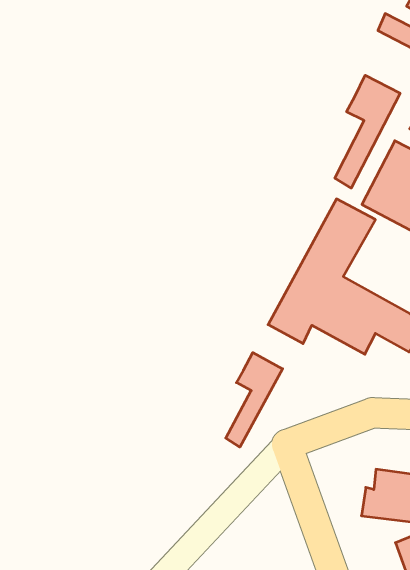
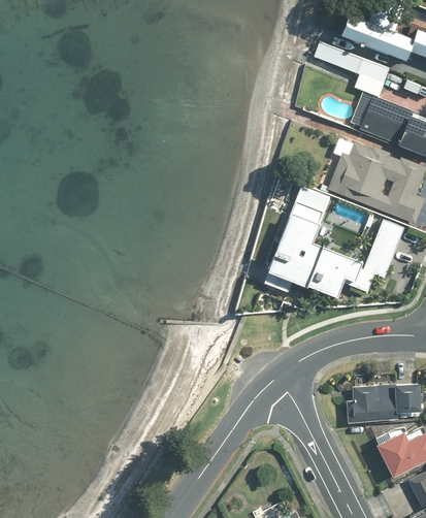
building: [335,75,400,188] -> none
building: [226,353,283,447] -> none

